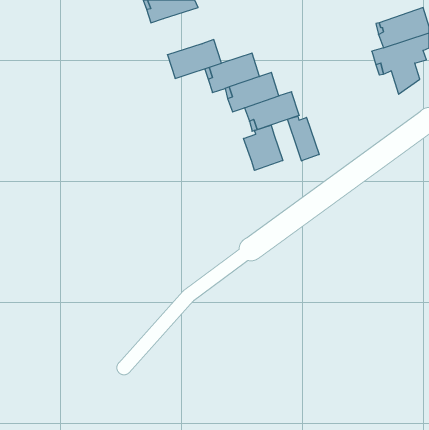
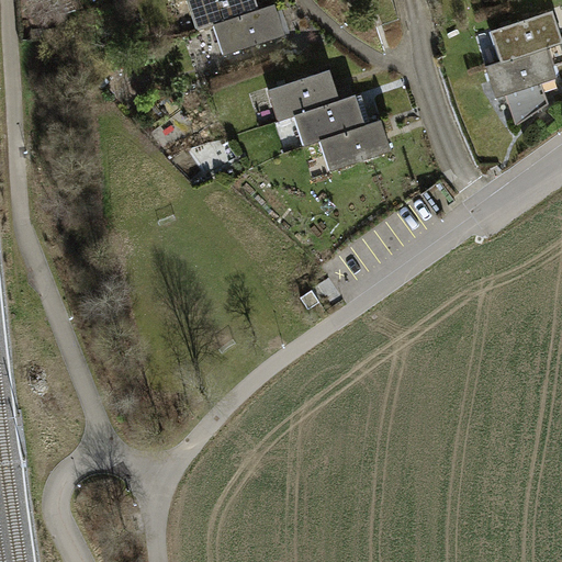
building: [167,40,221,78] -> [213,4,283,55]
building: [287,116,319,161] -> none
building: [244,125,283,170] -> none

